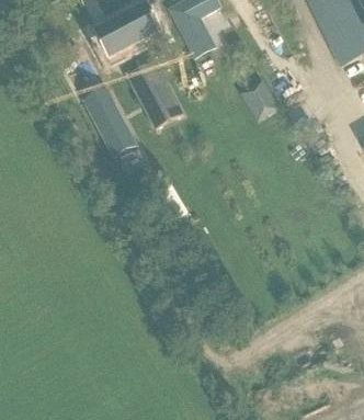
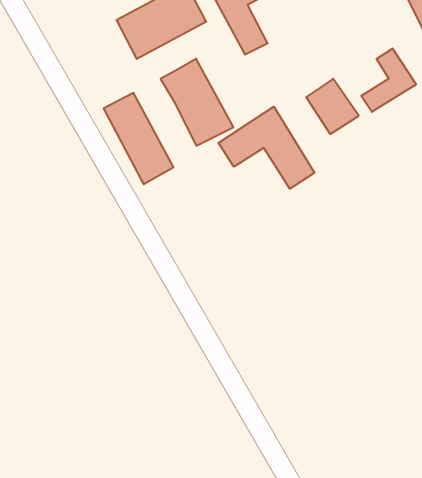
building: none -> [361,48,416,112]
building: none -> [218,107,315,189]

